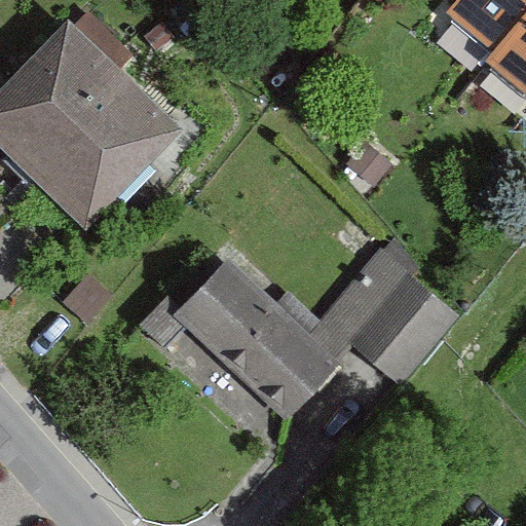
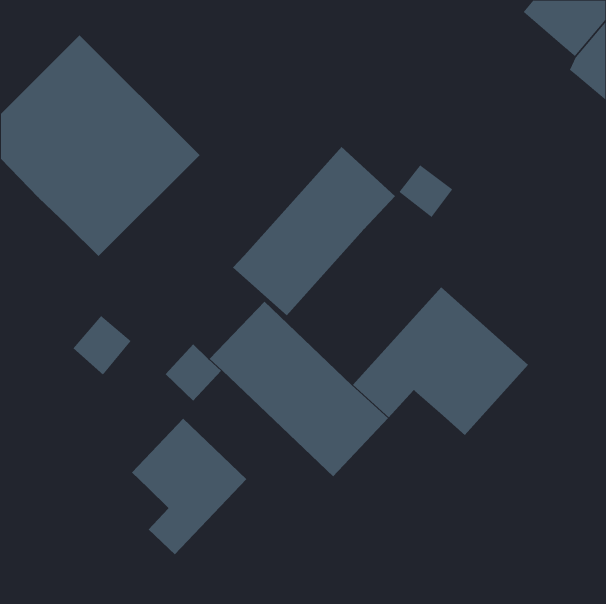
building: none -> [232,146,396,316]
building: none -> [131,418,247,555]

